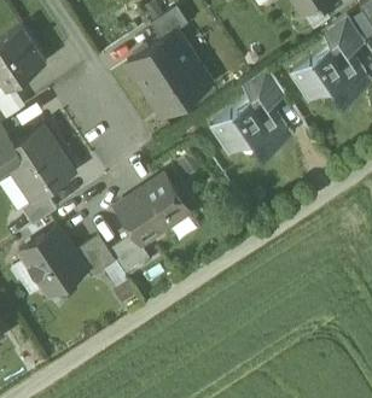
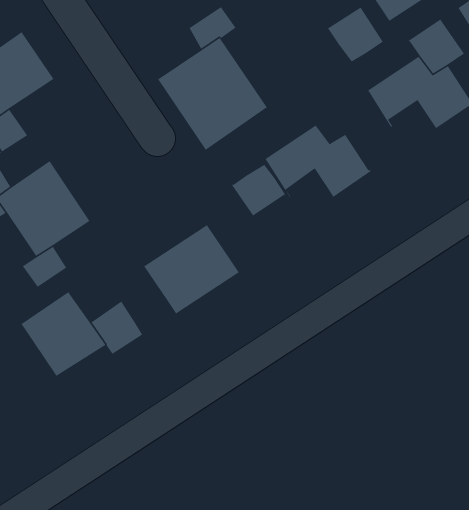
building: [240,69,285,112] -> [327,7,384,63]
building: none -> [231,164,287,216]
building: [109,234,149,274] -> none

